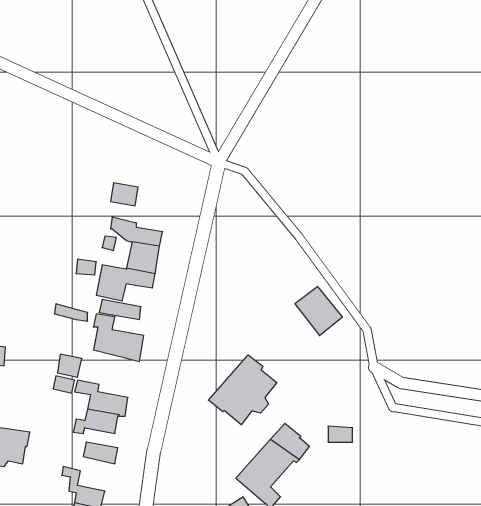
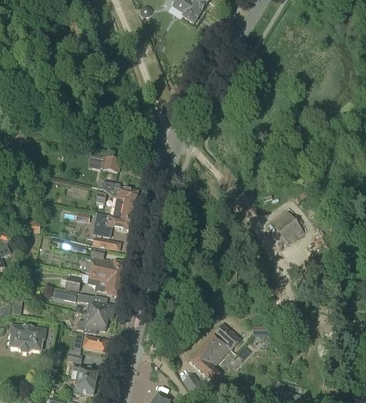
building: [295,287,342,336] -> [271,210,304,244]
building: none -> [88,272,122,296]
building: [208,355,277,425] -> none

